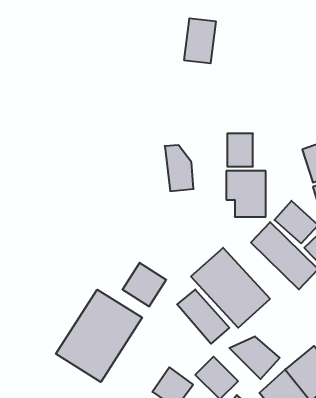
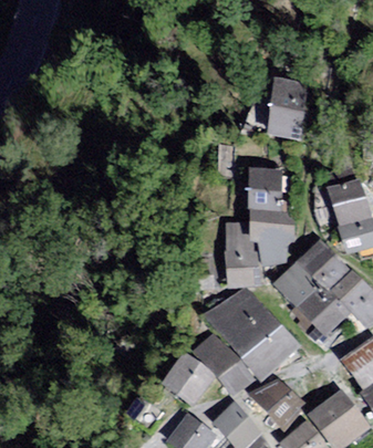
building: [184,18,216,63] -> [265,87,298,134]
building: [165,145,194,191] -> [224,235,253,282]
building: [122,263,166,306] -> [167,356,213,402]
building: [56,290,142,382] -> none

